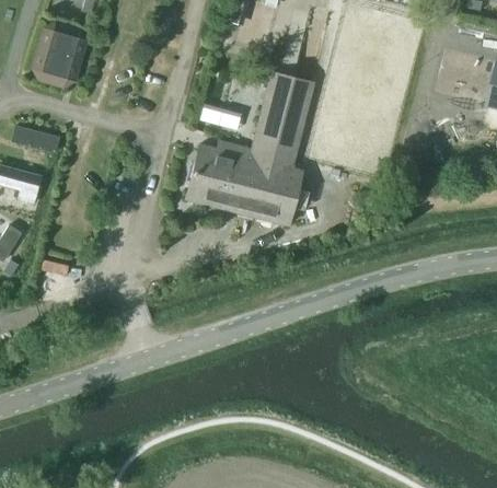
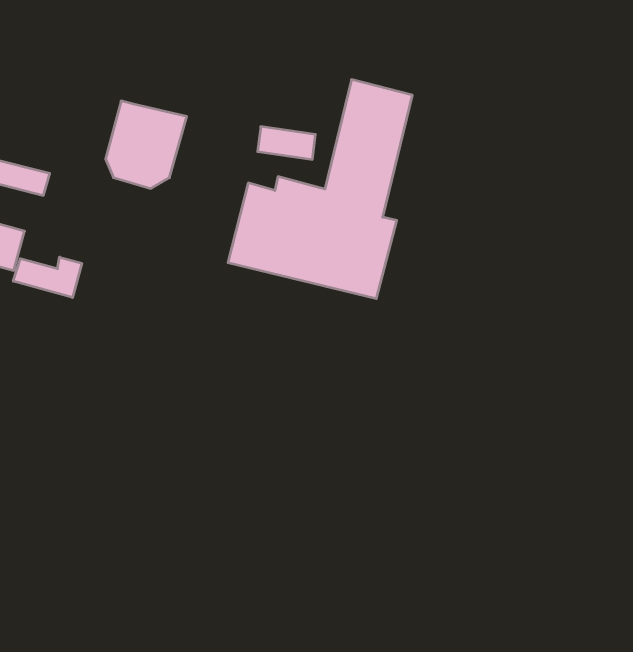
building: [32,26,89,88] -> [106,101,187,188]
building: none -> [13,257,82,298]

